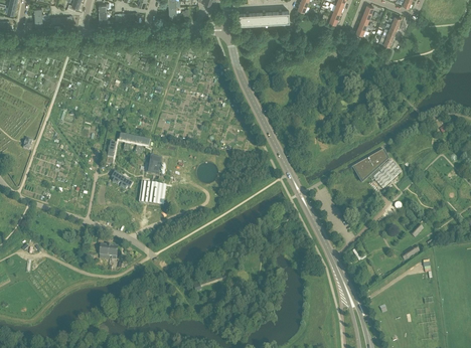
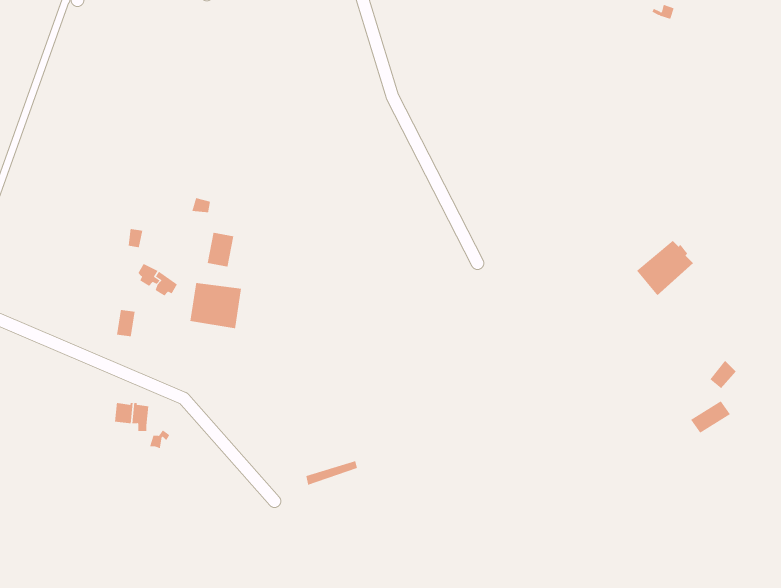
building: [352,149,389,184] -> none

